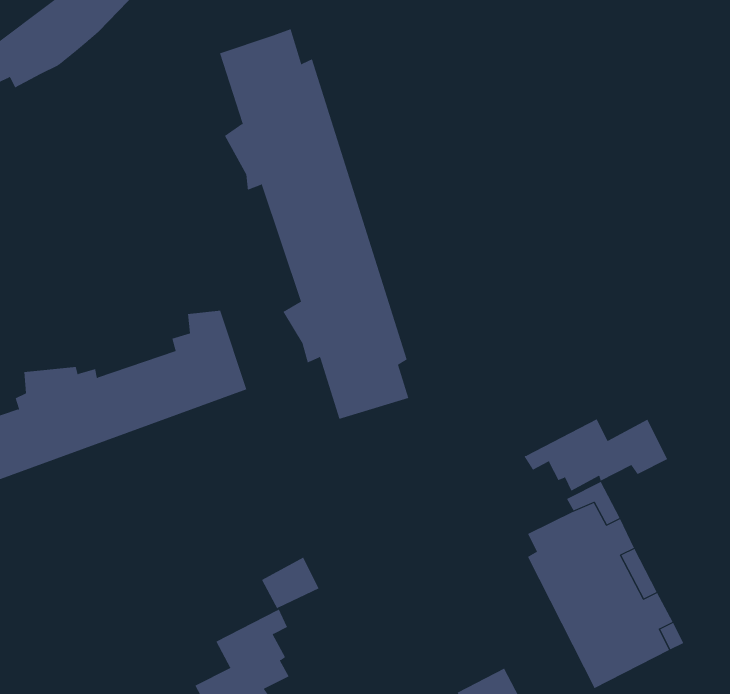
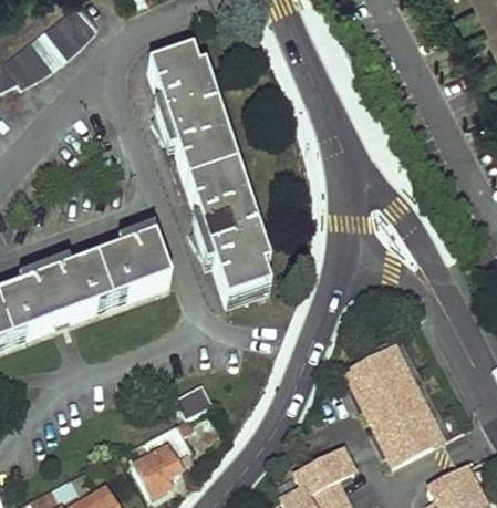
building: [524,419,668,491] -> none

